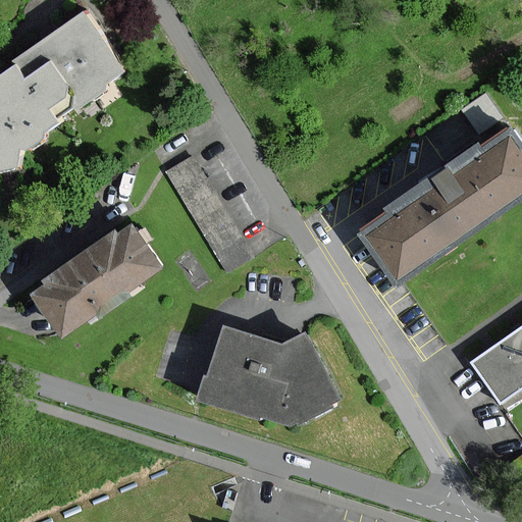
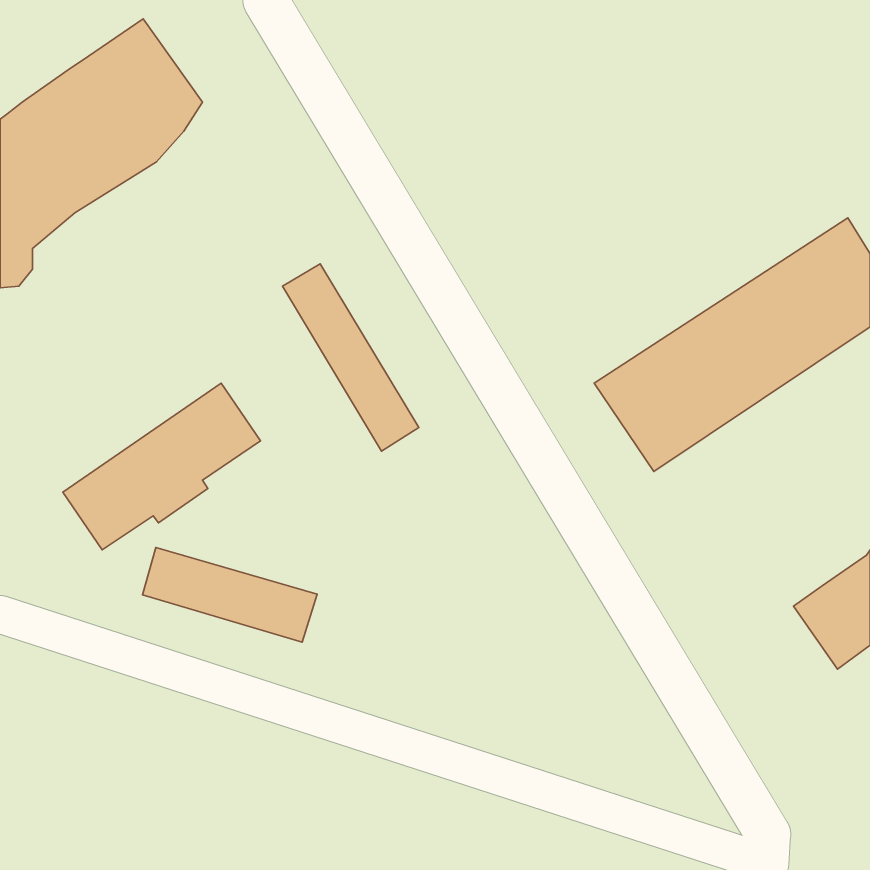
building: [195,327,340,425] -> none
building: none -> [142,548,317,642]

